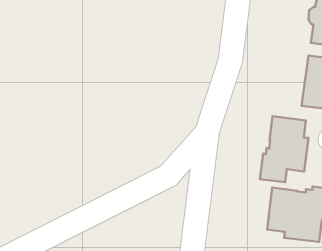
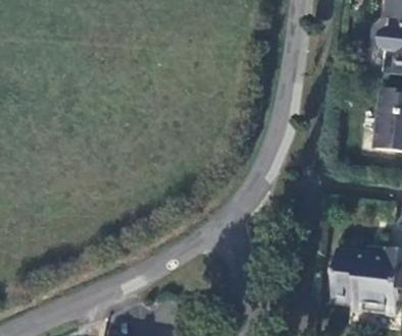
building: [260,116,309,182] -> none

